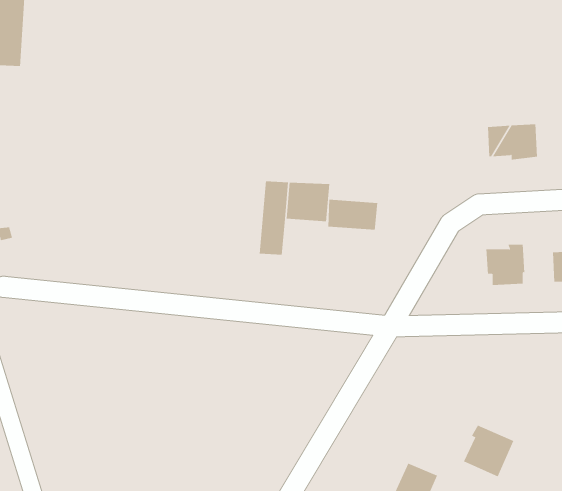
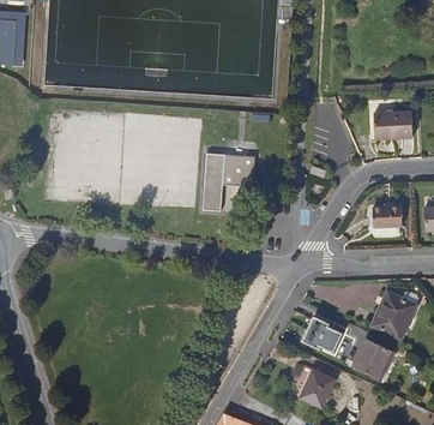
building: [328,199,378,230] -> none
building: none -> [373,292,417,339]
building: none -> [302,316,343,352]

